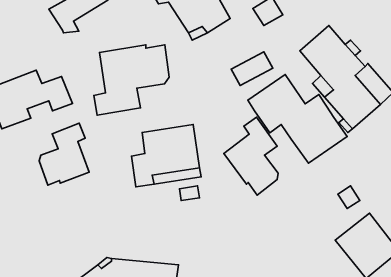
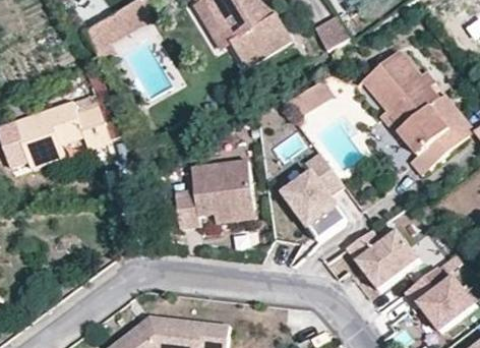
building: [94,45,169,115] -> none
building: [248,74,347,163] -> none
building: [39,123,89,185] -> none
building: none -> [347,232,418,292]

